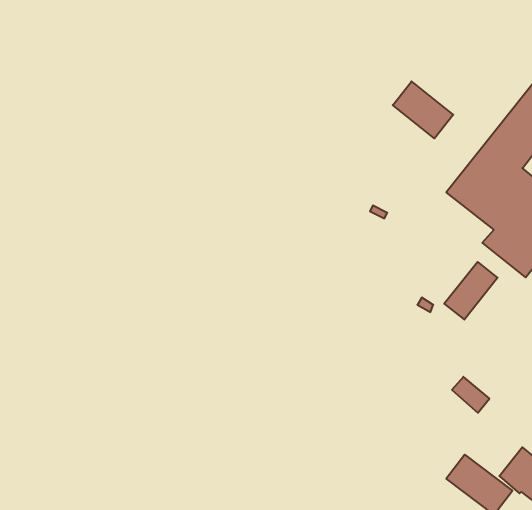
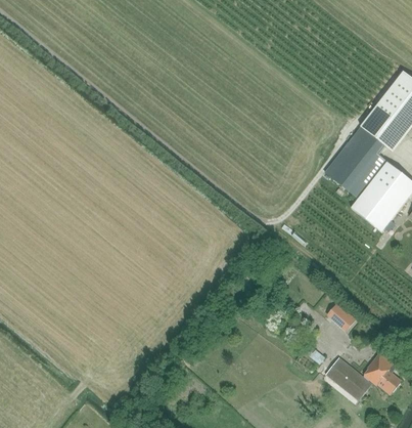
building: [393,81,453,138] -> none
building: [444,262,498,320] -> none

